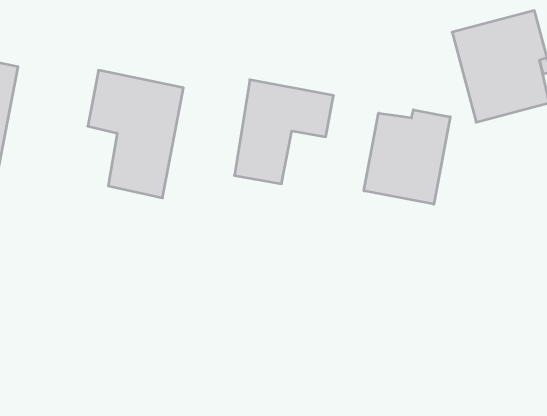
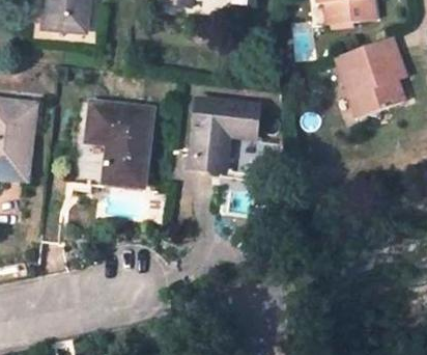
building: [364,110,450,204] -> none

